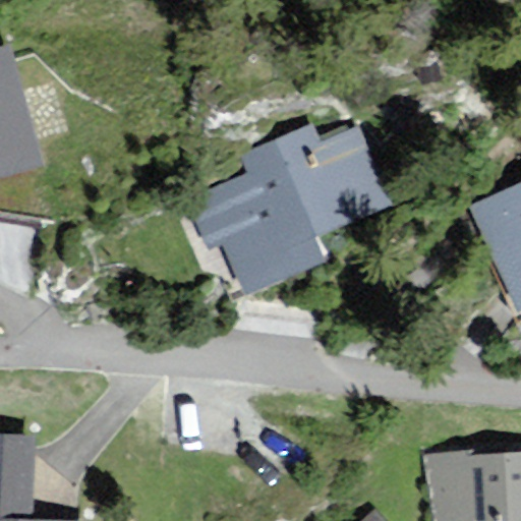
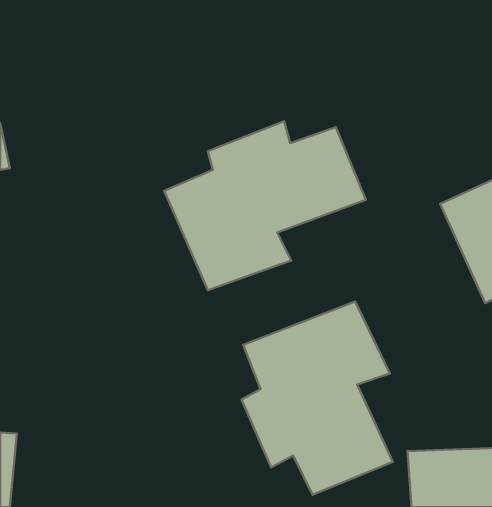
building: none -> [242,301,393,495]

